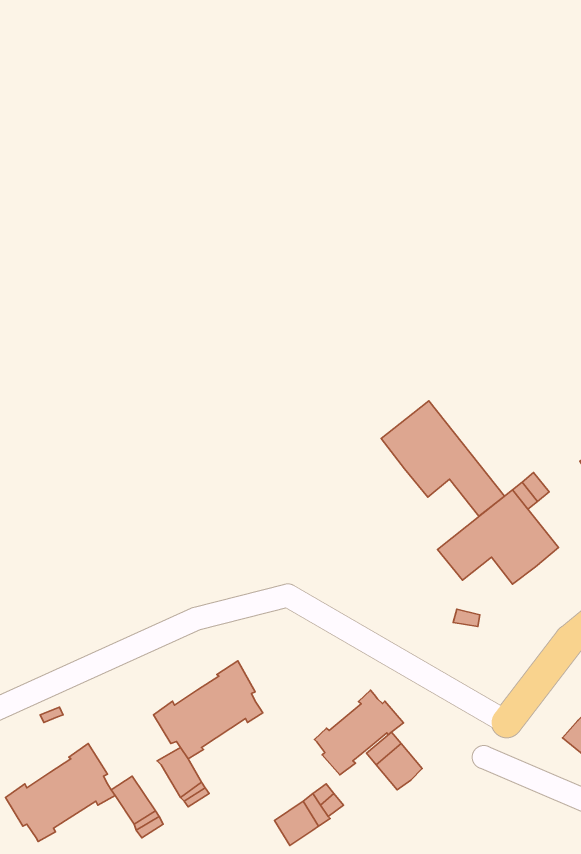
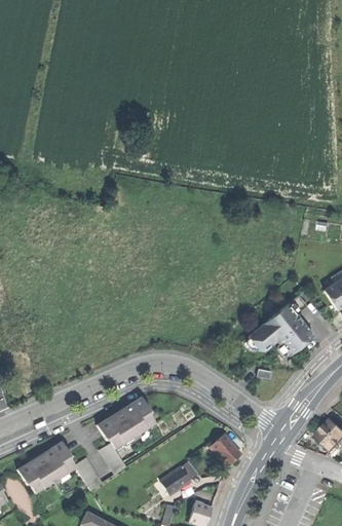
building: [381,401,505,516] -> none
building: [315,690,403,775] -> none

